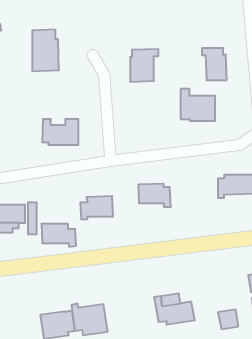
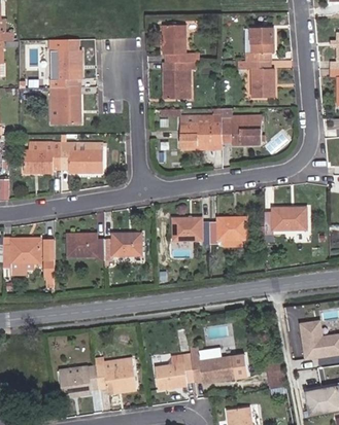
building: none -> [162,24,199,62]
building: none -> [246,27,274,60]
building: none -> [49,85,81,123]
building: none -> [180,115,222,146]
building: none -> [24,142,62,172]
building: none -> [209,216,247,244]
building: [41,224,76,247] -> [66,233,106,259]
building: none -> [156,354,196,387]

